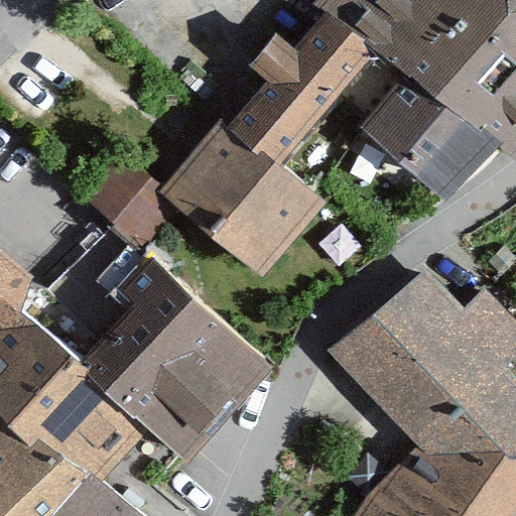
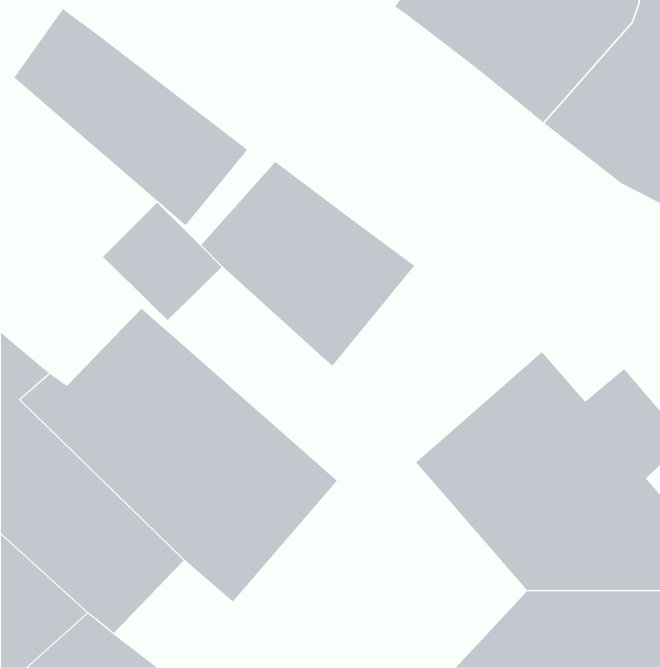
building: none -> [13,8,248,226]
building: [219,11,372,169] -> none
building: [367,77,485,187] -> none

